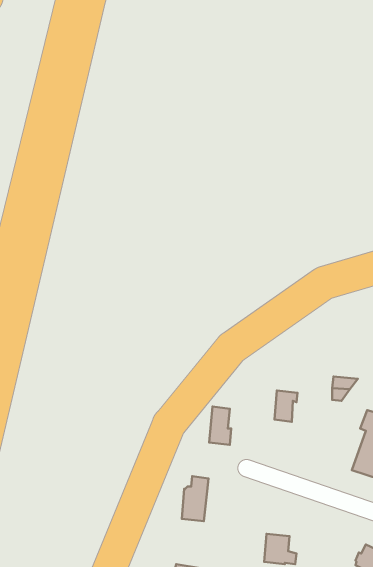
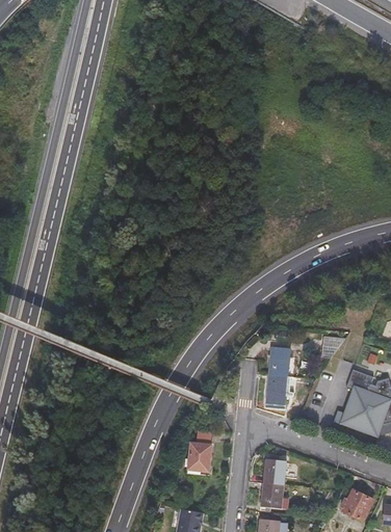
building: [209,407,231,445] -> [266,378,286,413]
building: none -> [262,456,285,483]

